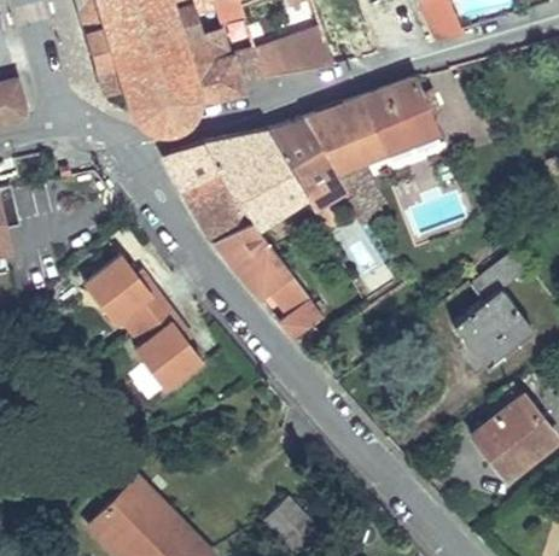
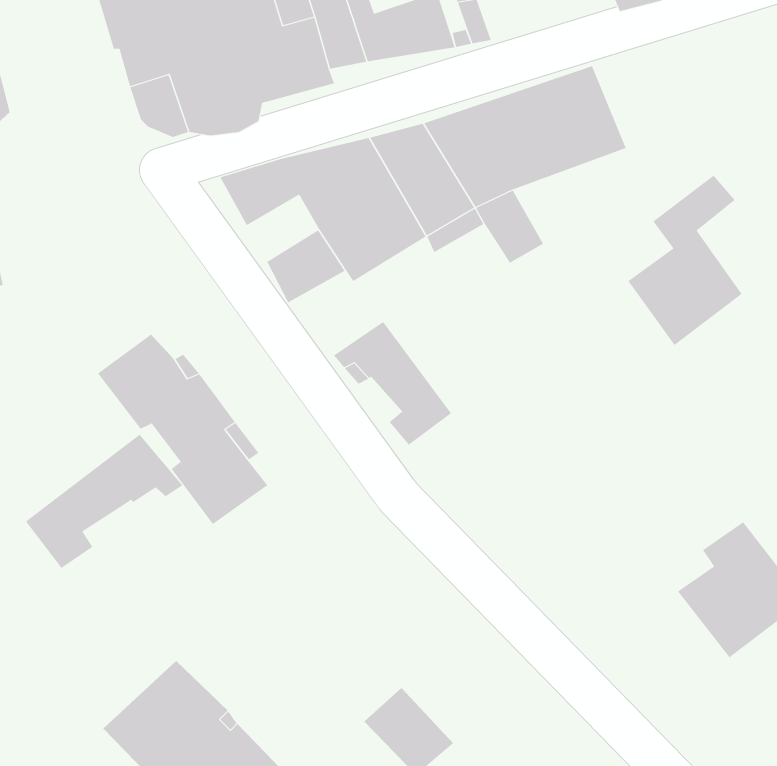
building: [185,168,233,212] -> none
building: [212,218,276,275] -> none
building: [455,253,532,368] -> [627,175,743,346]
building: none -> [25,434,183,569]

